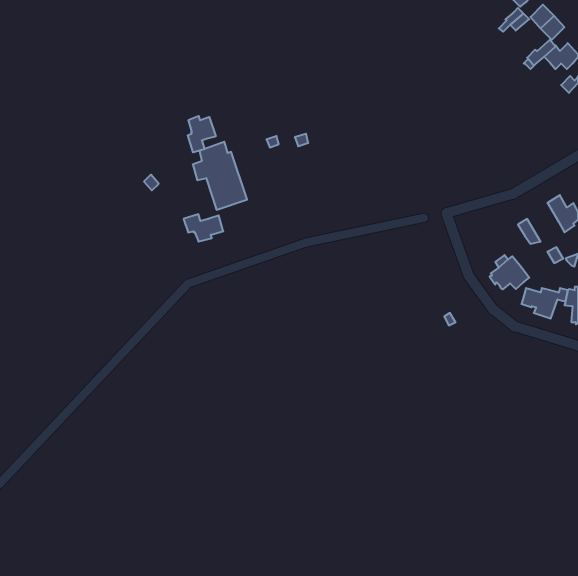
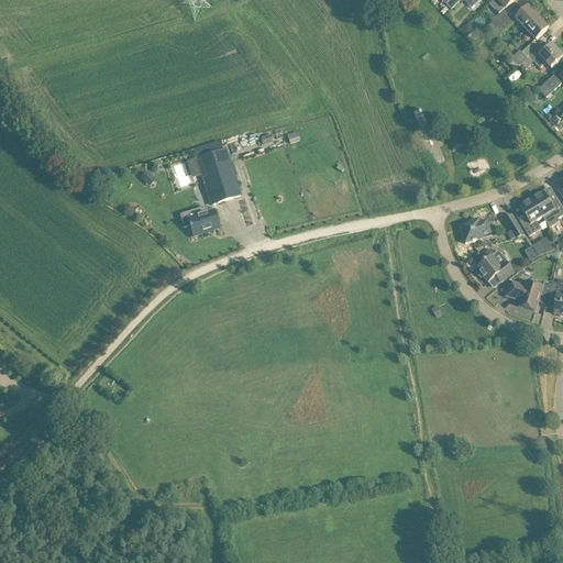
building: [188,116,216,152] -> none
building: none -> [519,197,542,234]
building: none -> [462,218,490,242]

